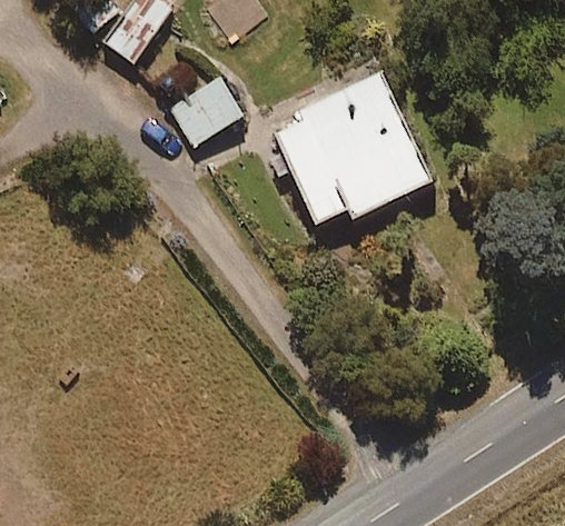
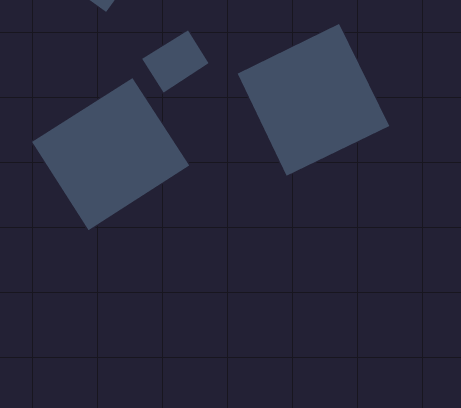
building: none -> [31,77,190,231]

